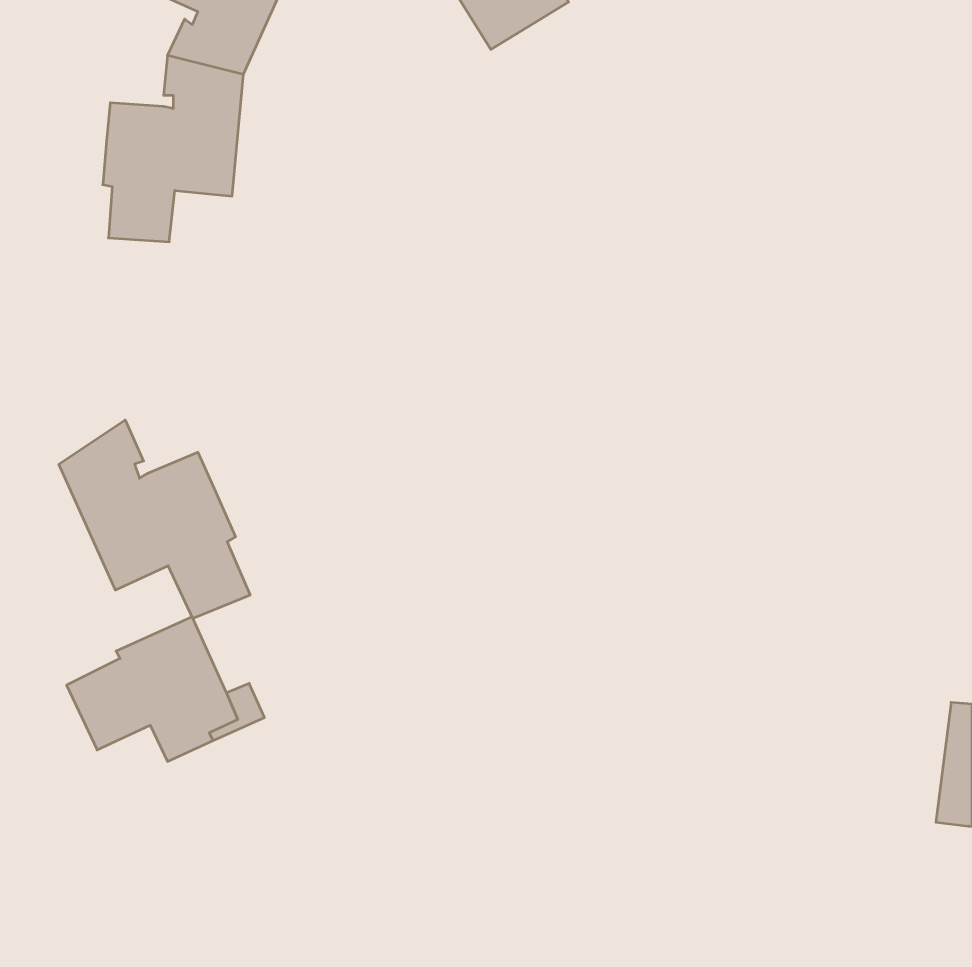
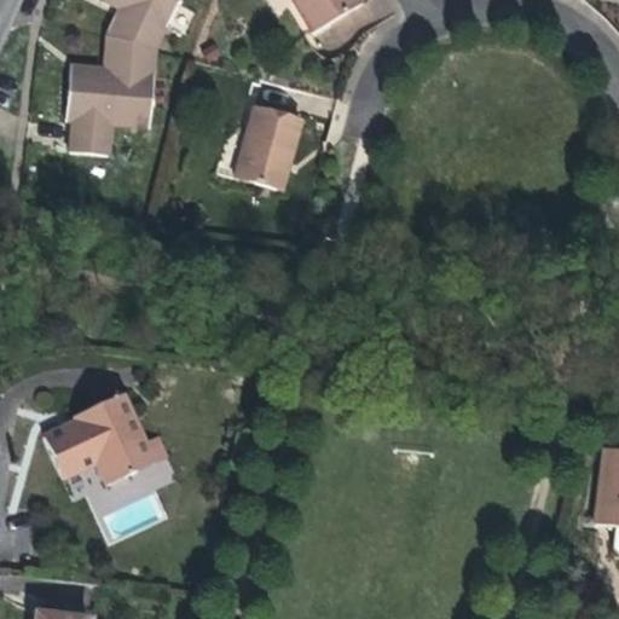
building: none -> [235,105,301,189]
building: [59,420,250,619] -> none

